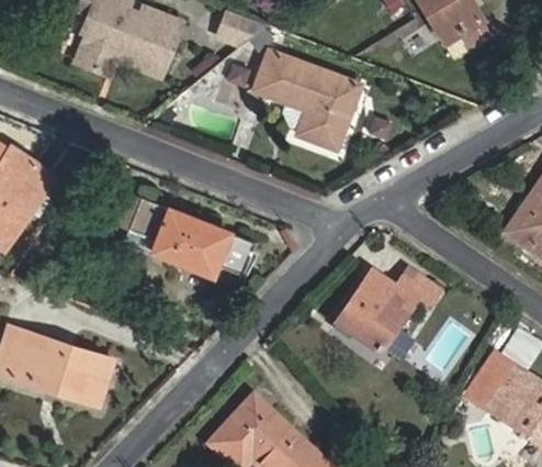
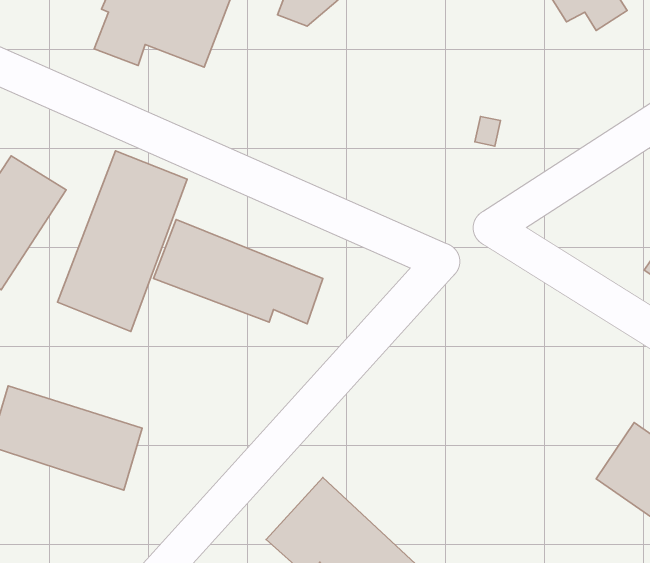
building: [252,48,362,148] -> none
building: none -> [58,151,187,332]
building: [334,269,438,356] -> none

